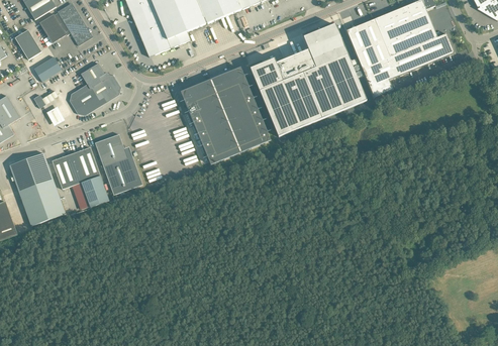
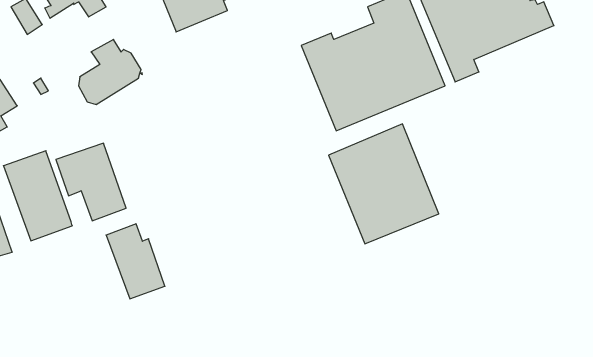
building: [33,55,62,81] -> none
building: [181,67,270,163] -> [329,124,439,244]
building: [94,133,141,194] -> [106,224,165,299]

